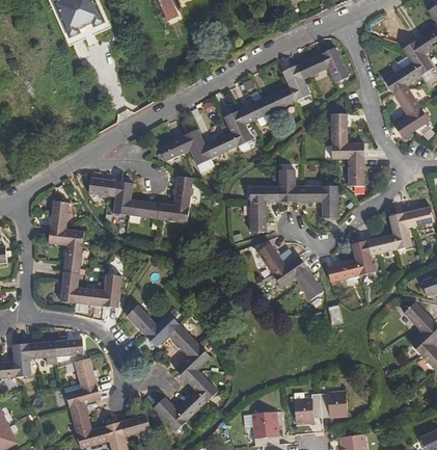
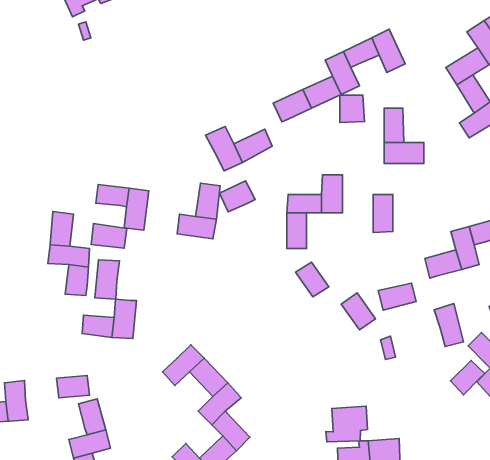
building: none -> [340,95,364,122]
building: [224,108,252,144] -> none
building: [160,135,190,161] -> [219,181,255,212]
building: [349,159,366,186] -> none
building: [297,185,323,202] -> none
building: [130,197,160,218] -> [91,224,127,248]
building: [350,239,375,275] -> [434,304,464,347]
building: [272,254,309,286] -> none
building: [60,269,81,302] -> [95,260,119,299]
building: [127,303,158,335] -> none
building: none -> [450,361,485,395]
building: [29,340,58,359] -> none
building: none -> [326,406,368,442]

